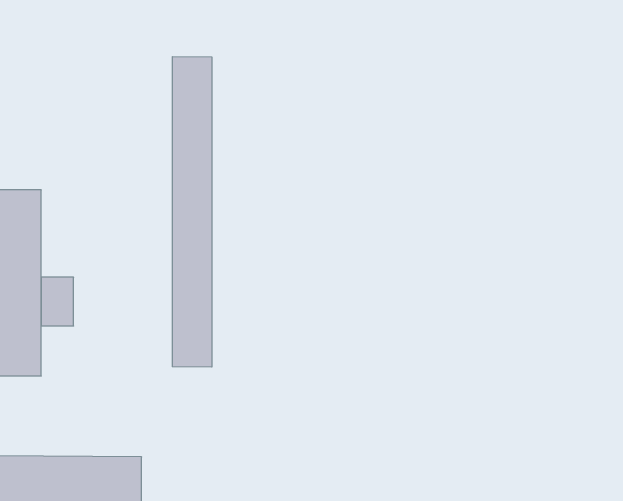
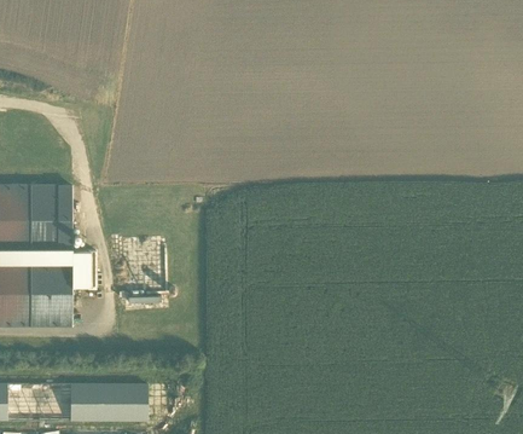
building: [172,57,212,367] -> none

